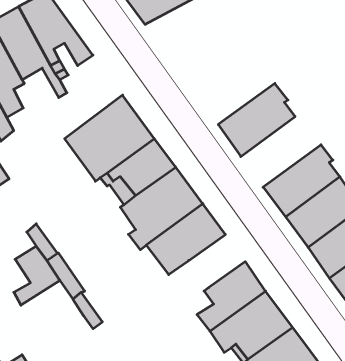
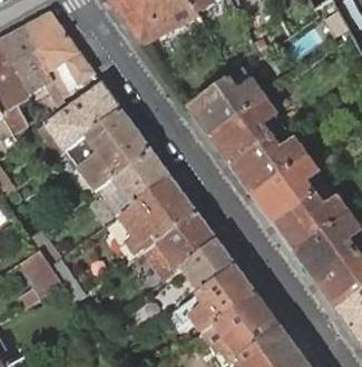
building: none -> [188,68,264,137]
building: none -> [39,82,120,150]
building: none -> [232,129,307,196]
building: none -> [183,240,236,290]

